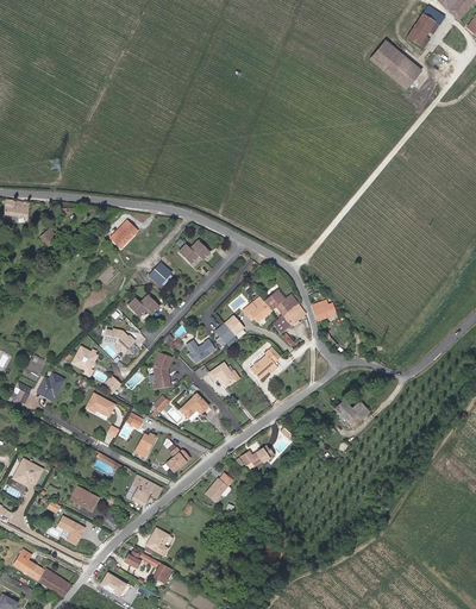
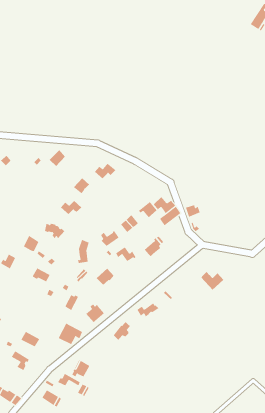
building: [369,40,420,89] -> none

